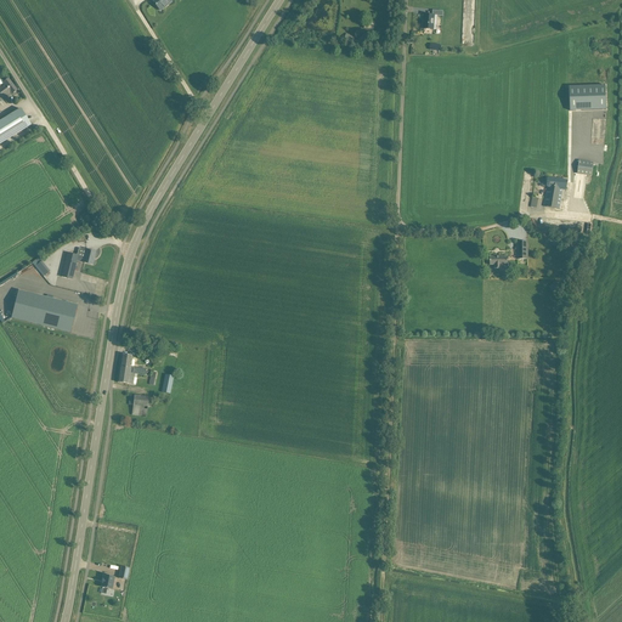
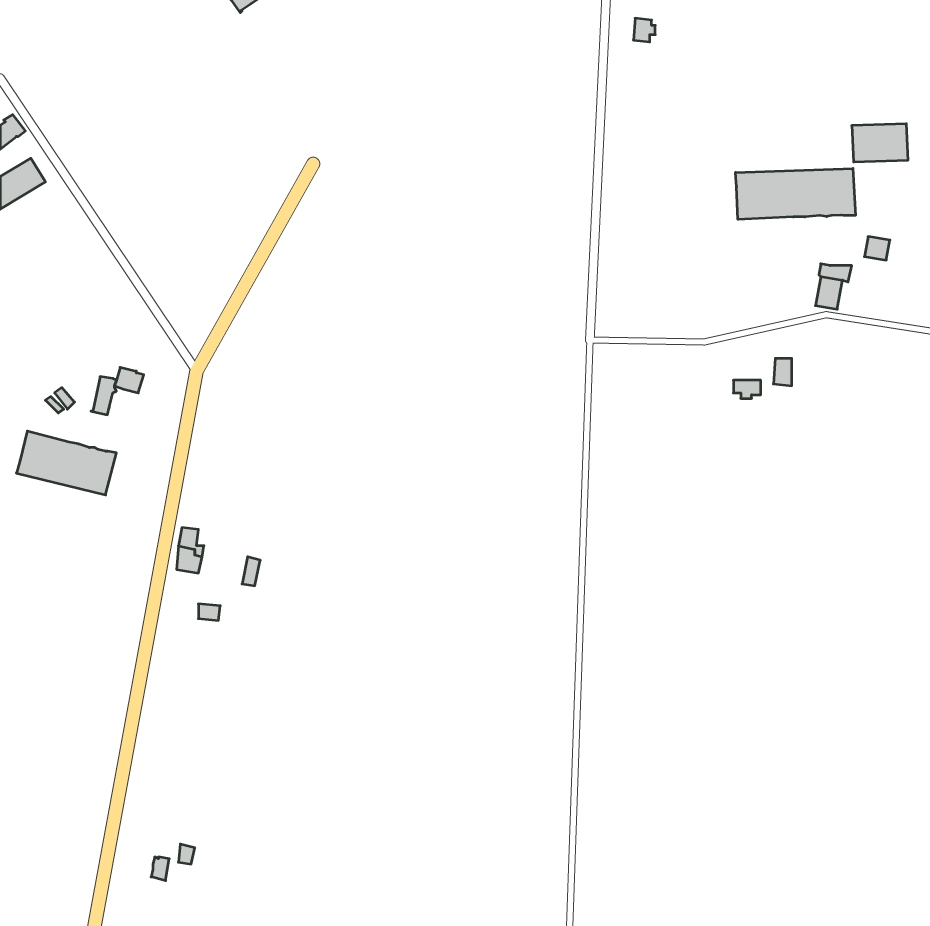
building: none -> [736,168,855,219]

